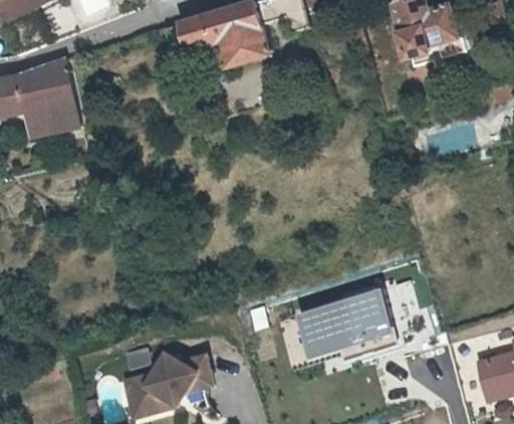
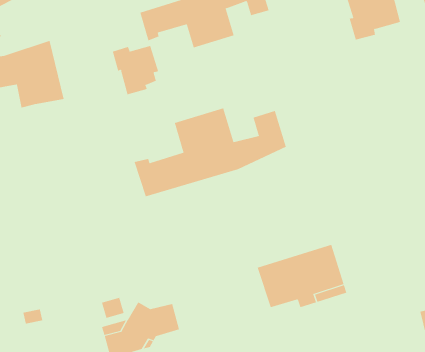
building: none -> [112,45,159,95]
building: none -> [134,108,287,197]

